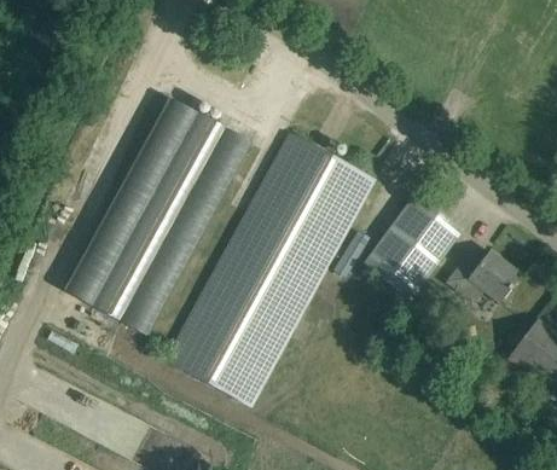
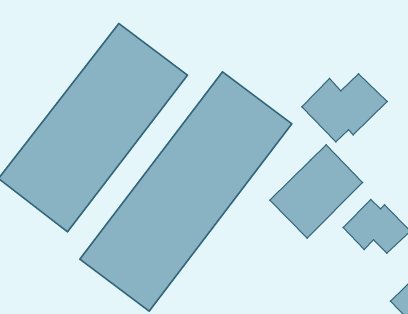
building: none -> [302,74,387,142]

